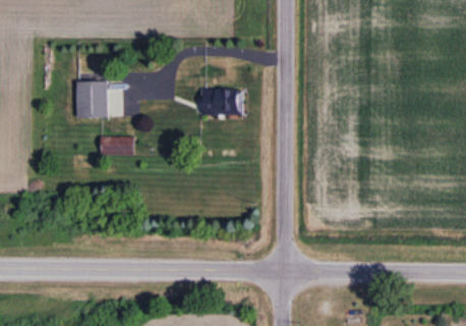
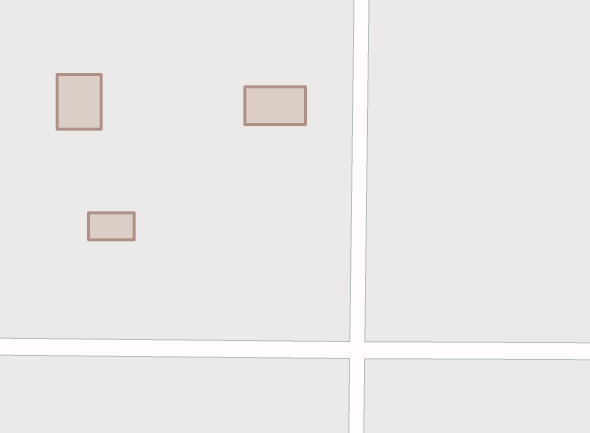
building: [102,137,132,155] -> [89,213,134,240]

